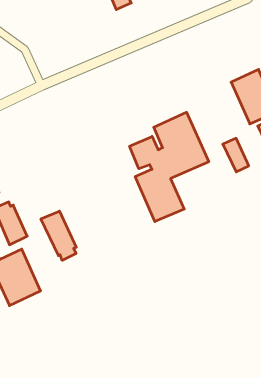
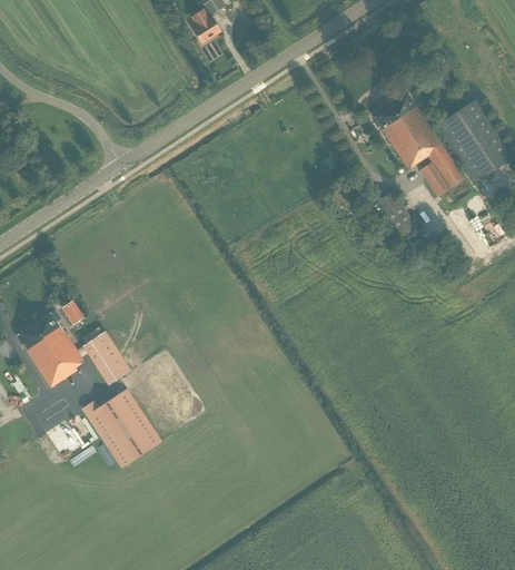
building: [130,112,209,222] -> none
building: [41,211,76,260] -> none

